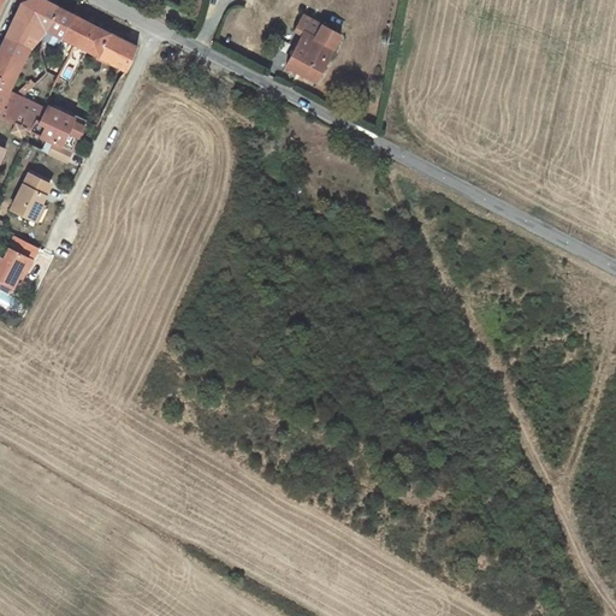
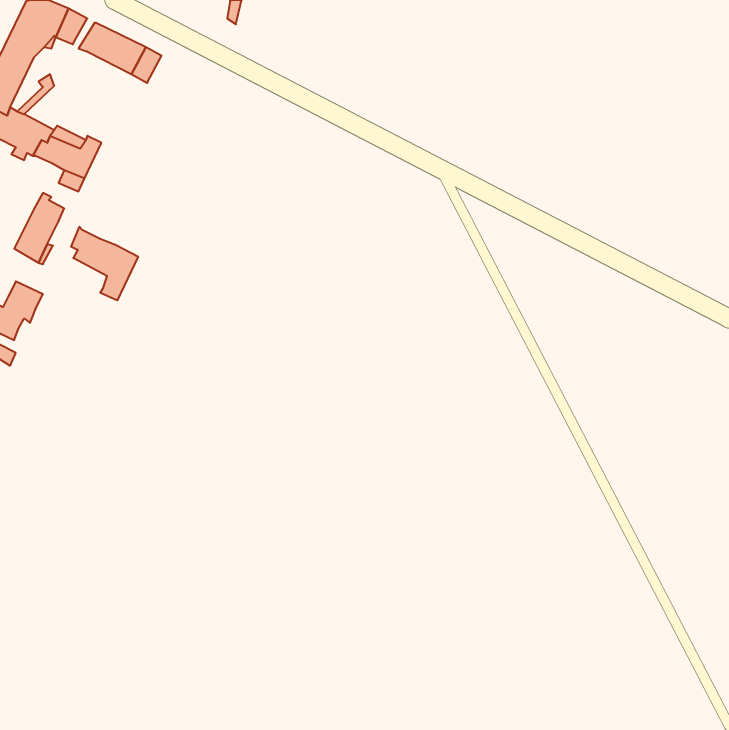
building: [286,16,339,81] -> none
building: none -> [71,227,138,300]

